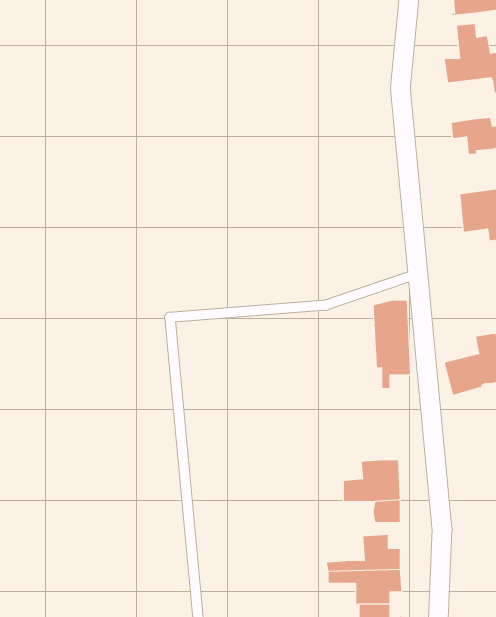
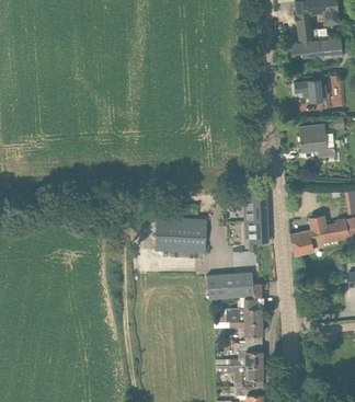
building: none -> [156,218,206,253]
building: none -> [207,273,261,299]

